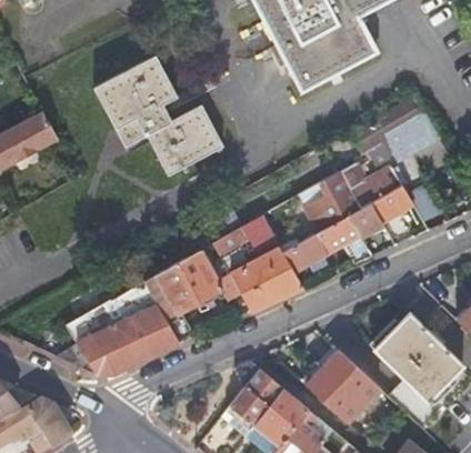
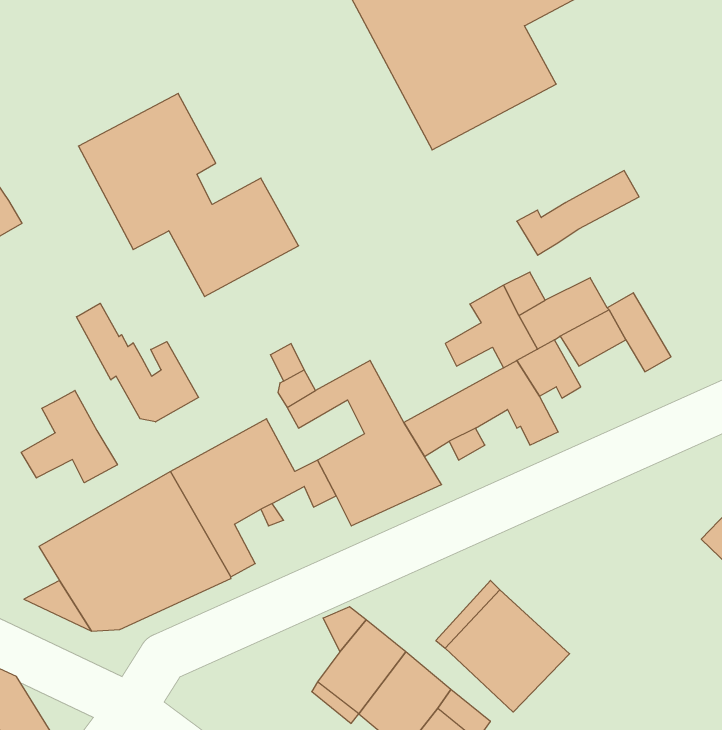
building: none -> [76,303,199,422]
building: none -> [21,390,117,483]
building: [375,314,464,421] -> none

